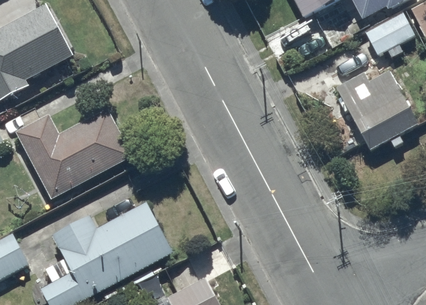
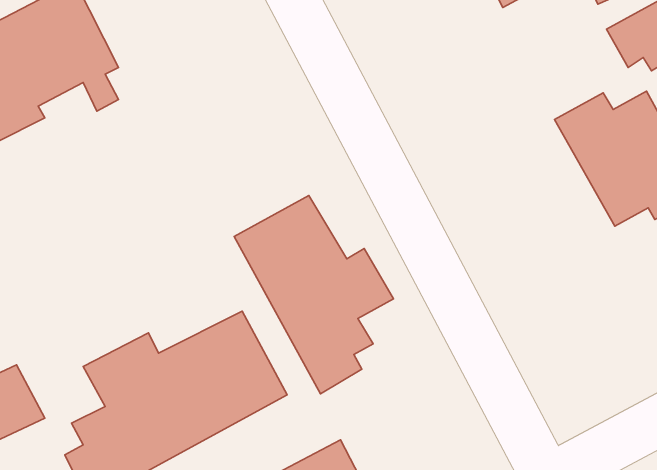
building: [16,107,136,199] -> none
building: none -> [234,195,394,394]

